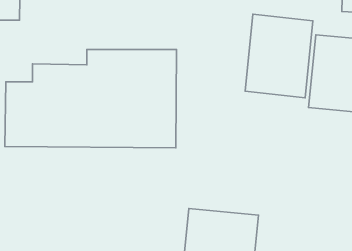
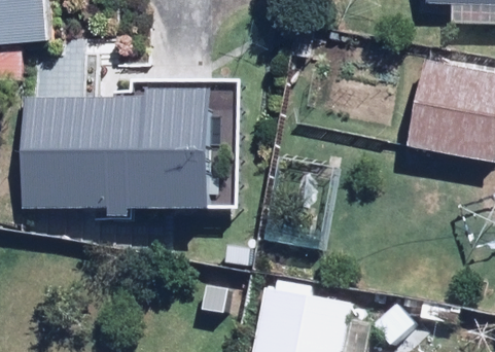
building: [245,14,313,98] -> none

